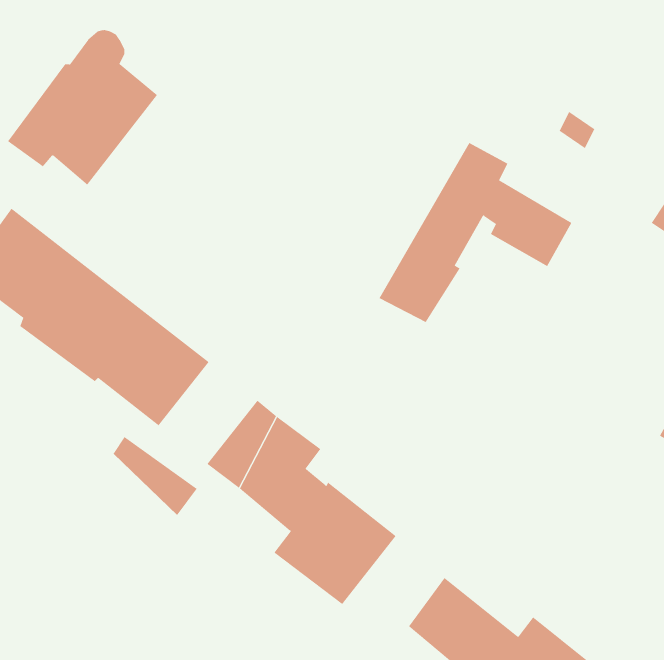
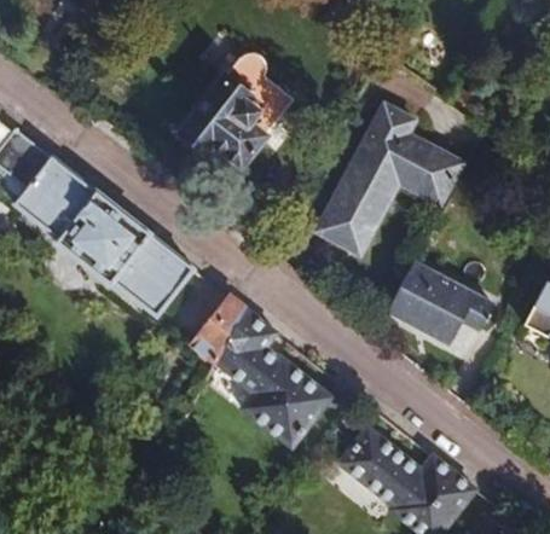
building: [7,30,158,185] -> [183,51,294,166]
building: none -> [386,261,492,344]
building: [113,436,198,516] -> none

